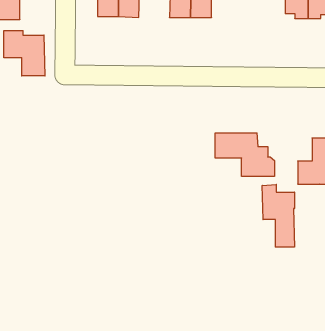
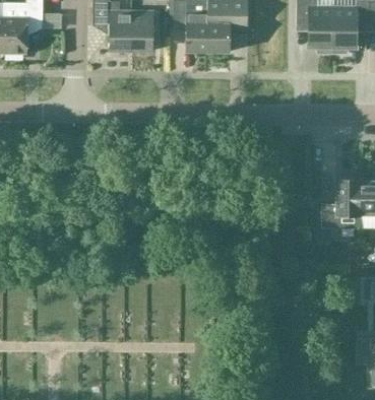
building: [4,31,45,76] -> none
building: [215,133,274,176] -> none
building: [262,184,294,247] -> none

